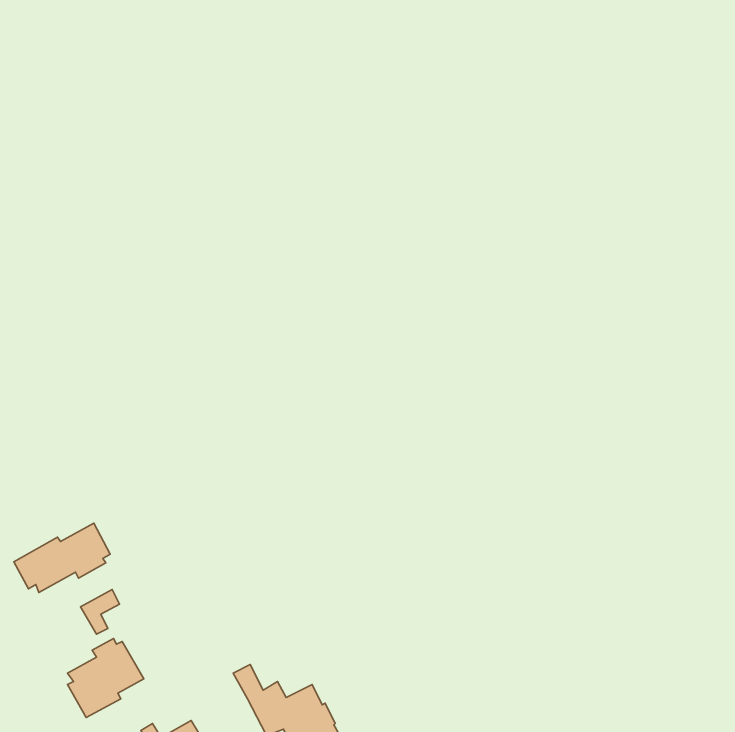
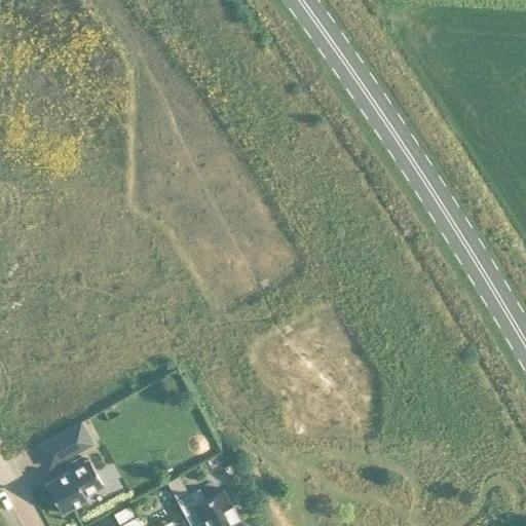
building: [14,523,110,592] -> none

